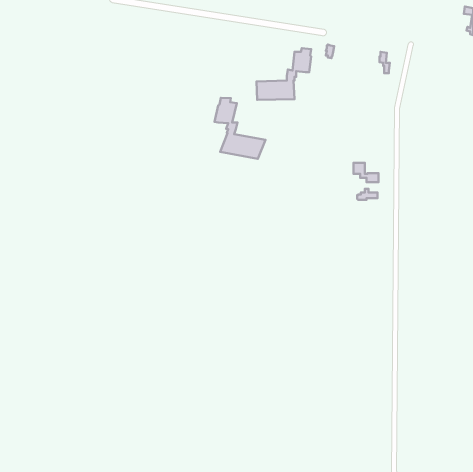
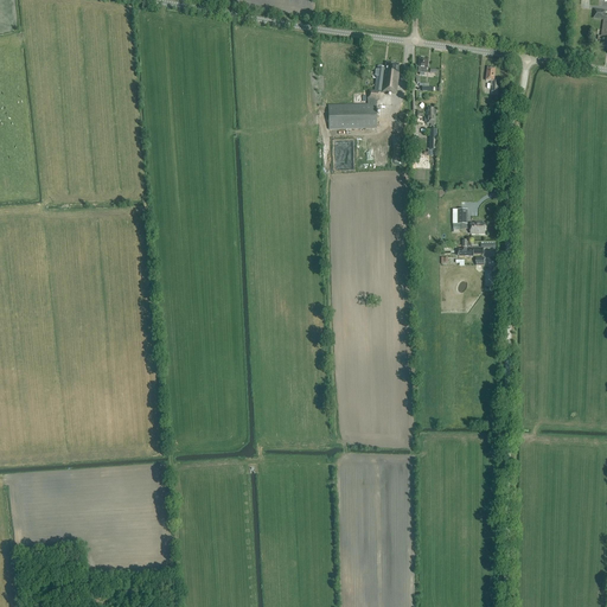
building: [214,98,265,159] -> none

